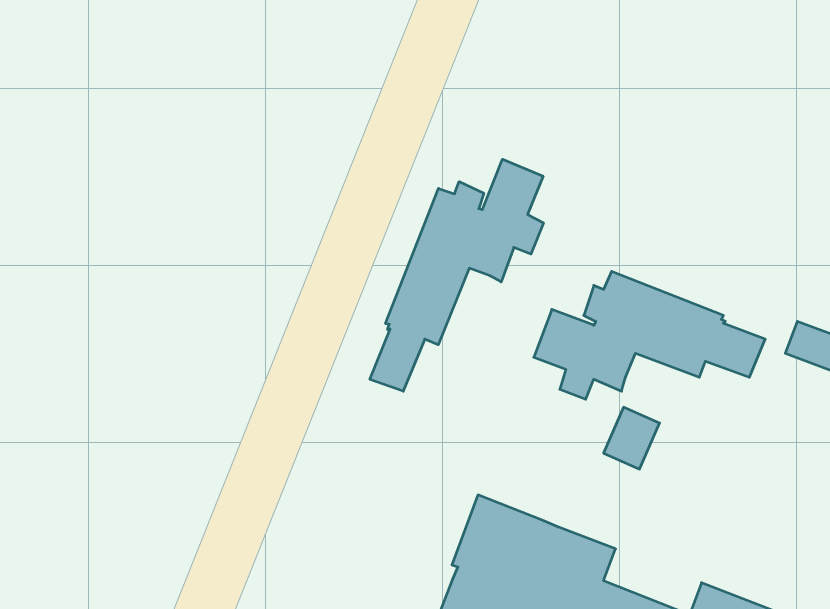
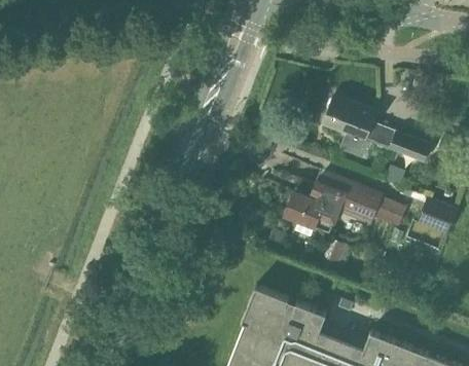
building: none -> [326,96,431,162]
building: [370,159,543,391] -> none

